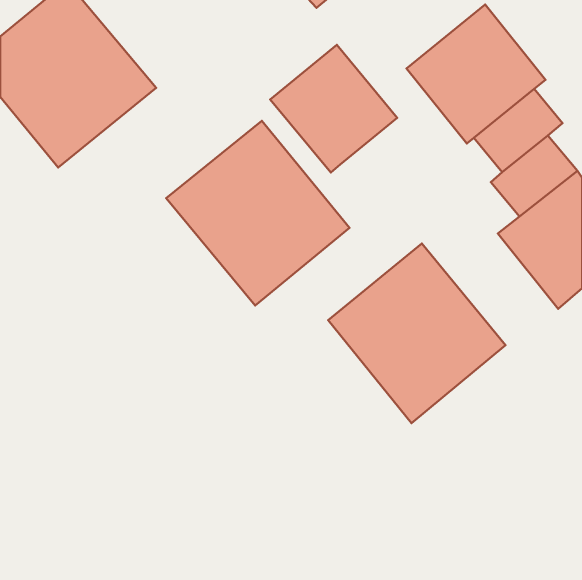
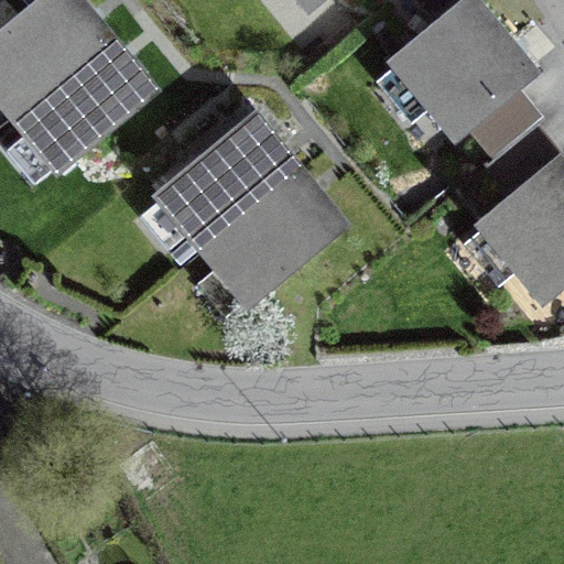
building: [270,45,397,173] -> none
building: [328,243,505,423] -> none

